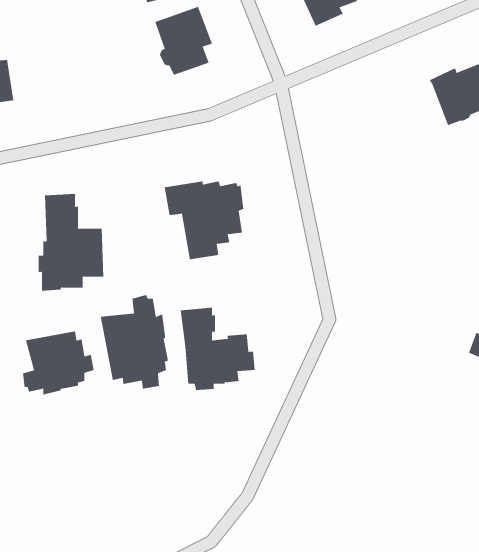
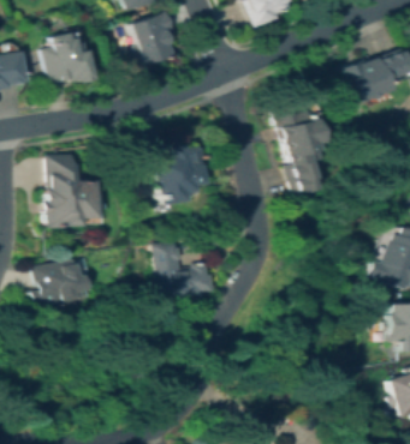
building: none -> [44,32,93,83]
building: none -> [274,109,320,196]
building: [100,294,168,390] -> none

